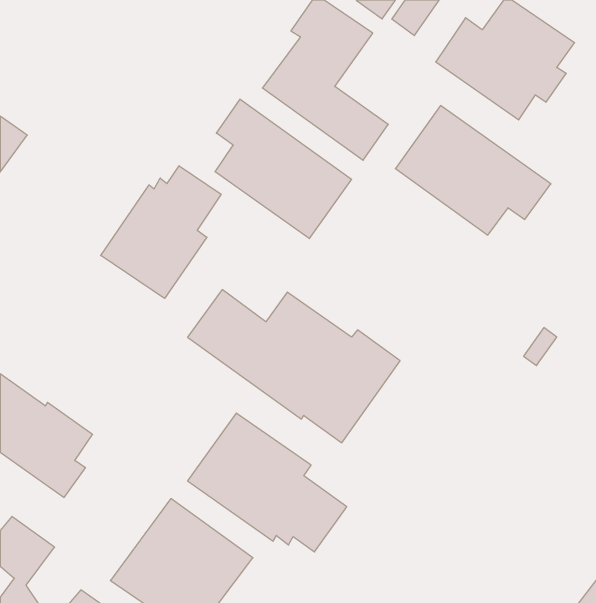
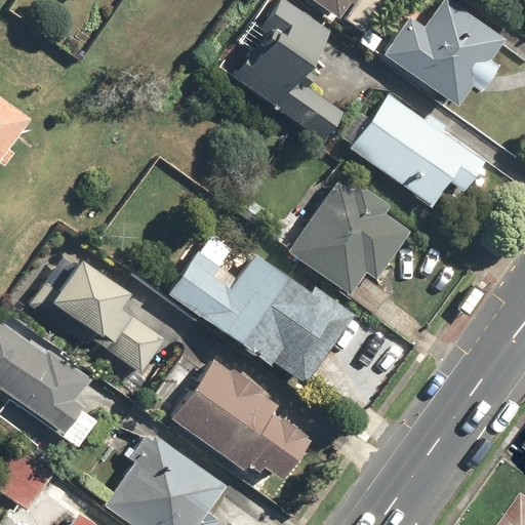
building: [215,99,352,239] -> none
building: [101,166,221,298] -> none
building: none -> [288,181,410,295]
building: none -> [33,258,162,372]

